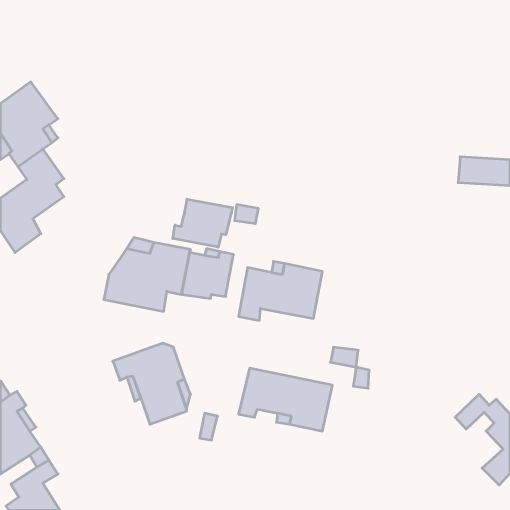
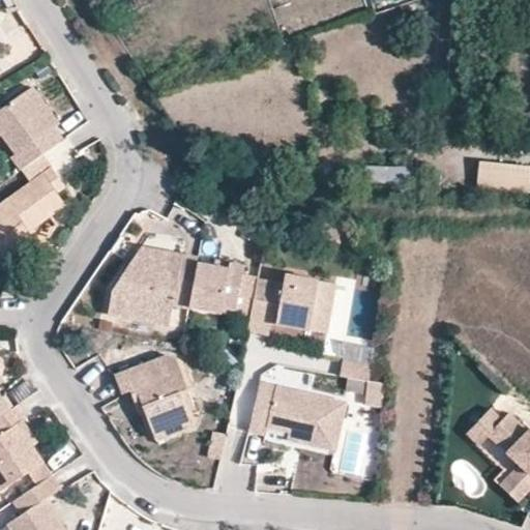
building: [173,199,233,247] -> none

